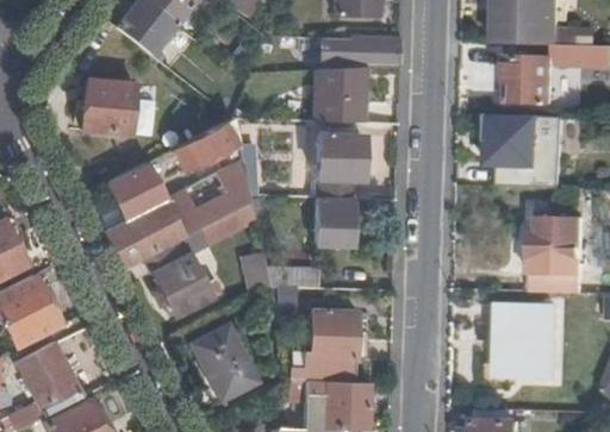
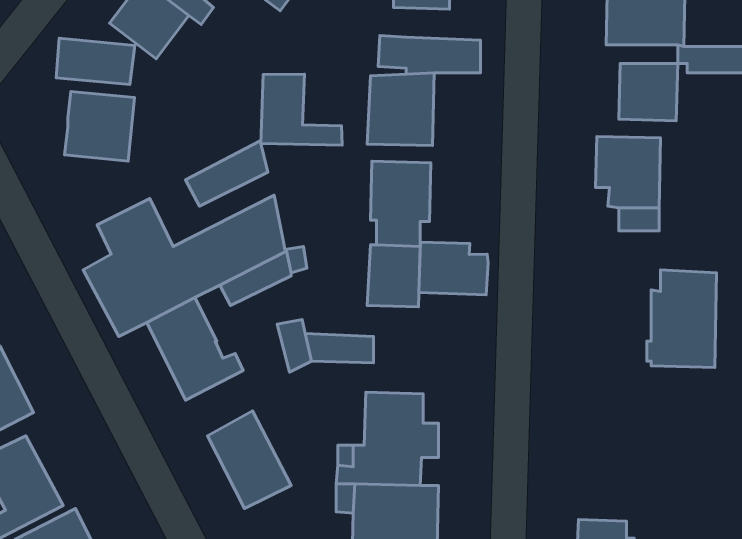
building: none -> [56,38,135,84]
building: none -> [261,74,342,145]
building: none -> [419,242,488,295]
building: [502,305,558,378] -> none

